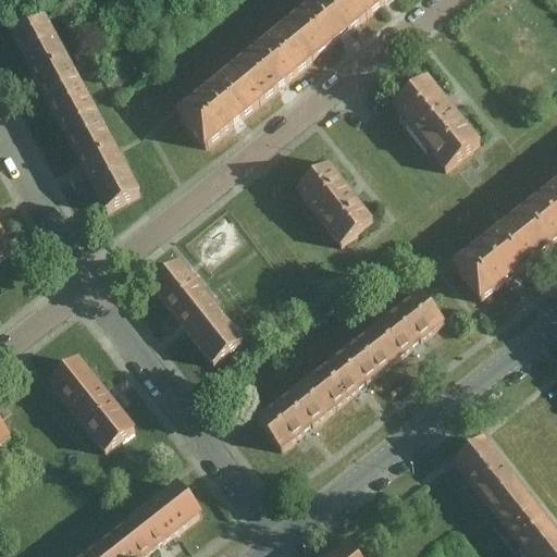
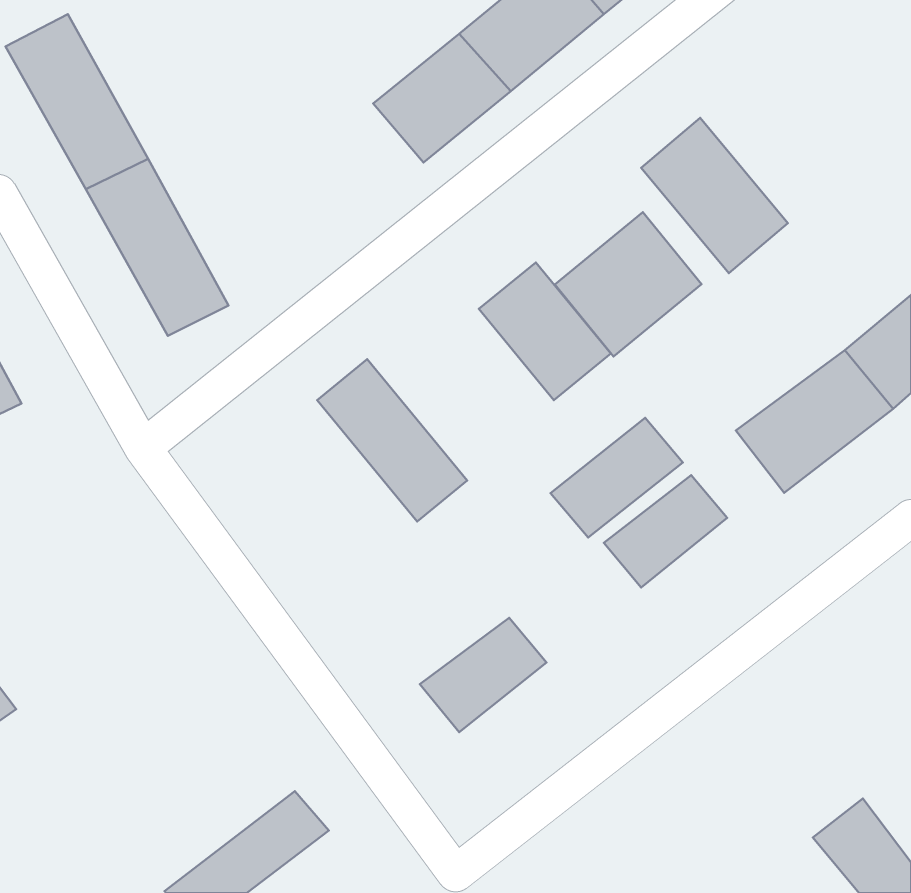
building: [170,63,258,146] -> none
building: none -> [555,212,701,357]
building: [147,258,238,357] -> [317,359,467,522]
building: [310,331,391,404] -> [551,418,683,538]
building: [46,356,132,450] -> none
building: [454,434,525,510] -> none

